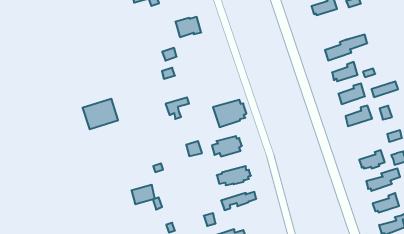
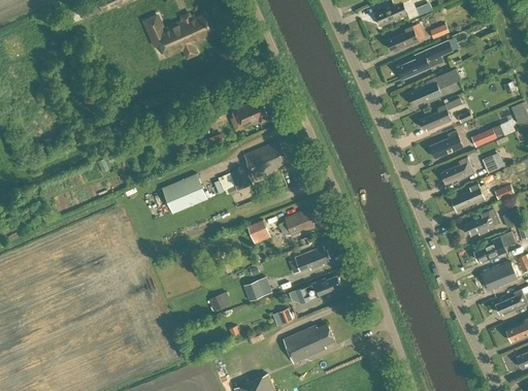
building: none -> [397,42,451,78]
building: [175,17,201,37] -> [235,101,268,128]
building: [82,99,118,129] -> [161,173,206,214]
building: [213,100,246,127] -> [243,142,286,178]
building: none -> [451,184,484,211]
building: [131,185,155,204] -> [244,275,274,301]

